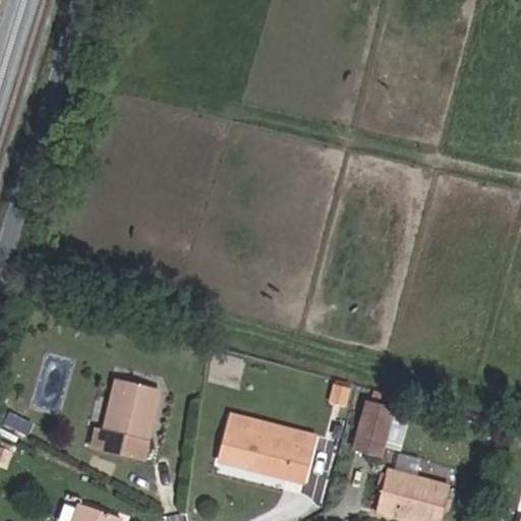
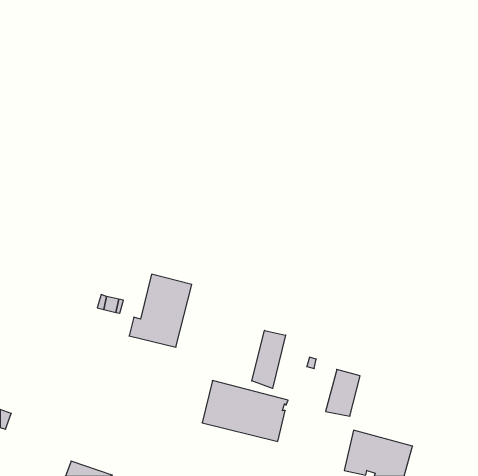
building: none -> [252,330,286,388]
building: [92,380,160,459] -> [129,274,192,347]

